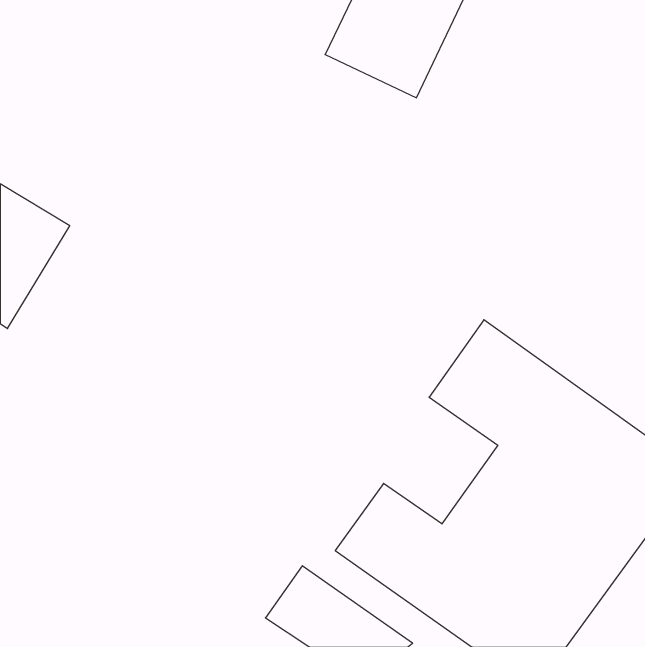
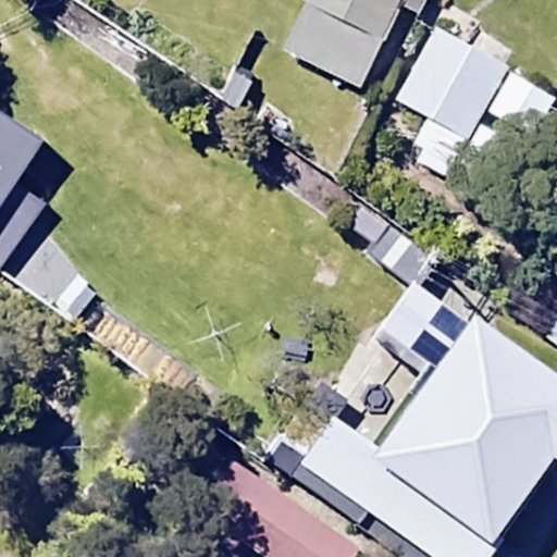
building: none -> [395,27,506,138]

